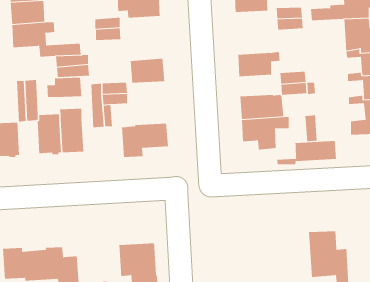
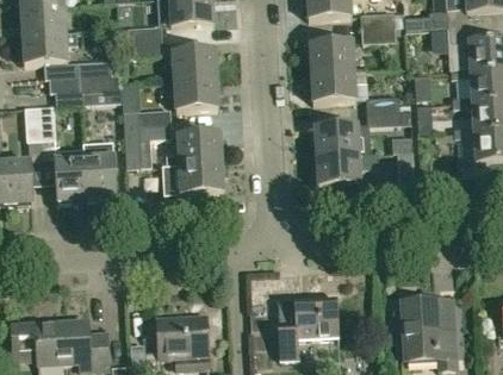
building: none -> [309,40,354,73]
building: none -> [172,48,216,81]
building: [47,77,82,98] -> none
building: none -> [166,132,221,165]
building: [277,140,337,165] -> none
building: none -> [275,295,337,358]

